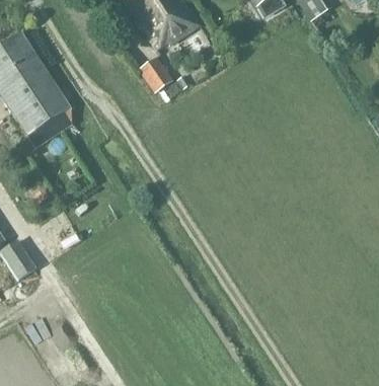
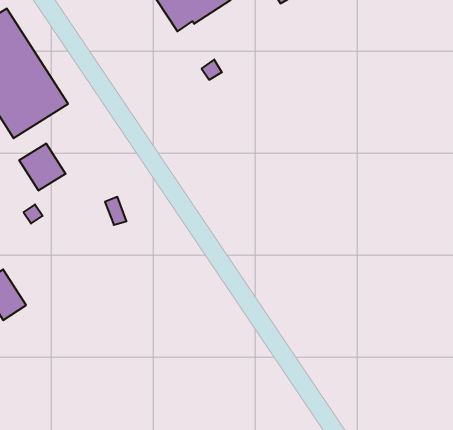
building: [138,56,173,92] -> none
building: none -> [19,143,66,191]

